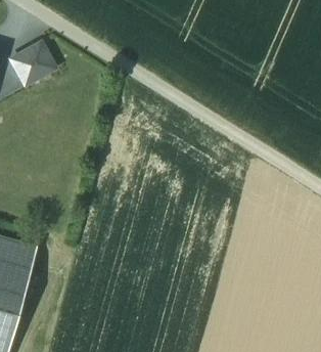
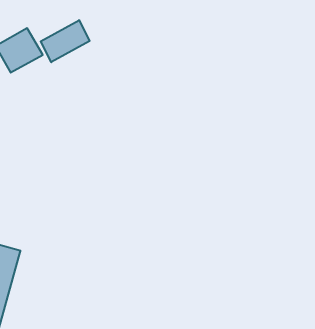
building: none -> [41,20,90,62]

